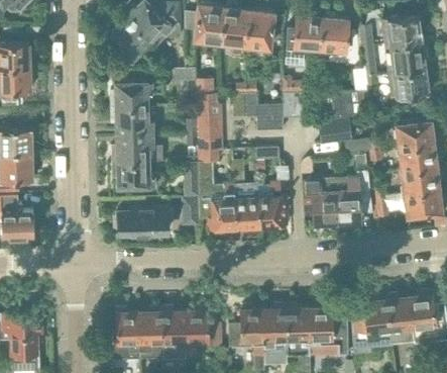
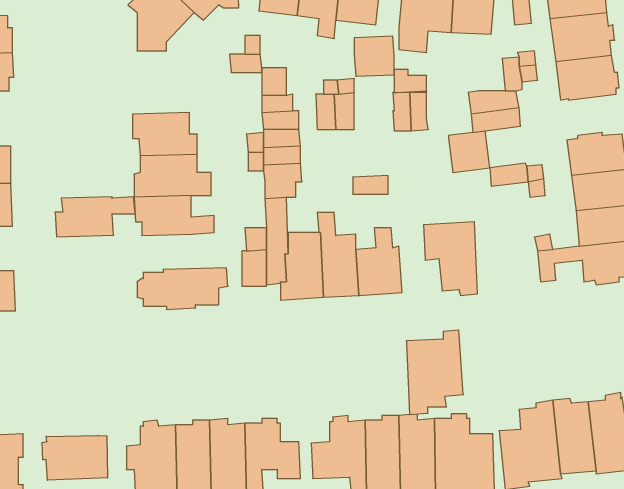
building: [110,82,162,108] -> [55,197,135,237]
building: [256,106,283,132] -> [354,36,394,76]
building: [335,171,372,226] -> [406,330,463,415]
building: none -> [42,435,108,480]

